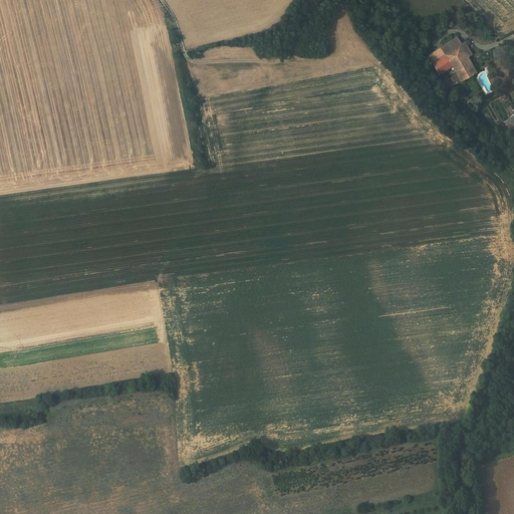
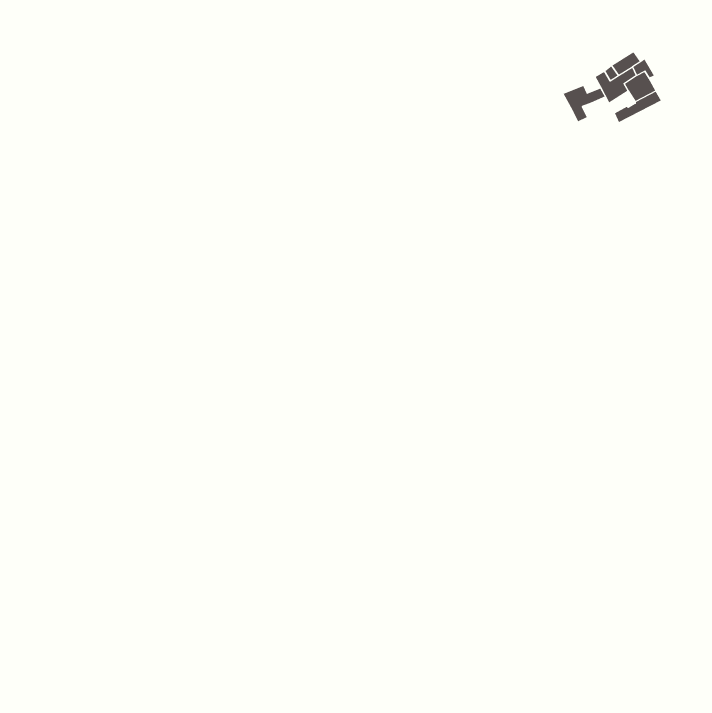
building: none -> [563,85,605,122]

